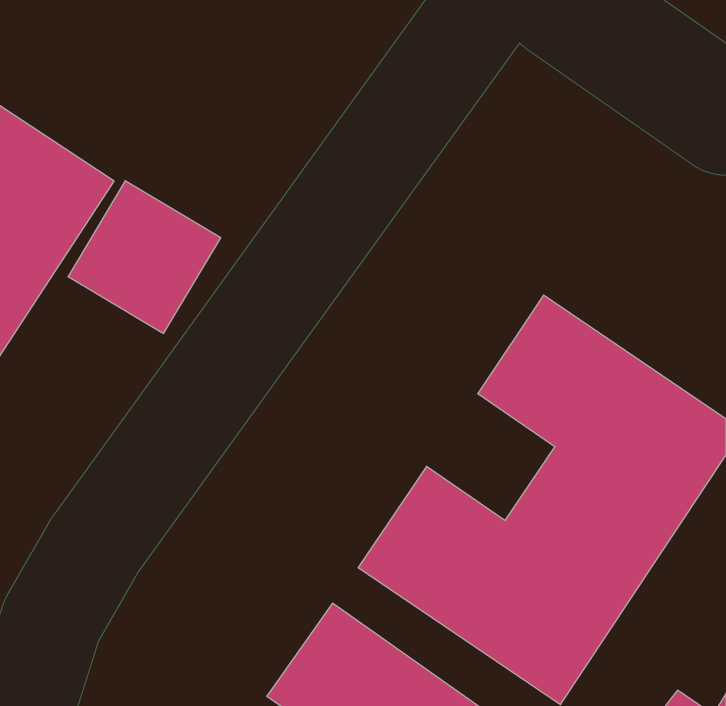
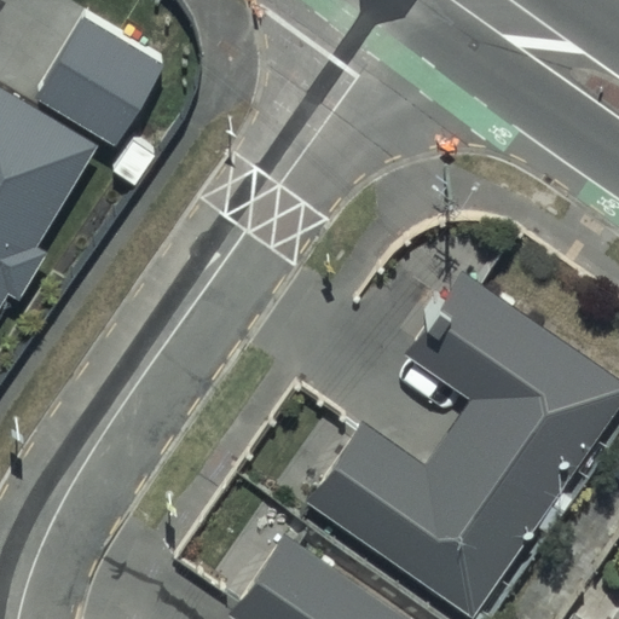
building: [68,181,221,333] -> [31,36,161,166]

